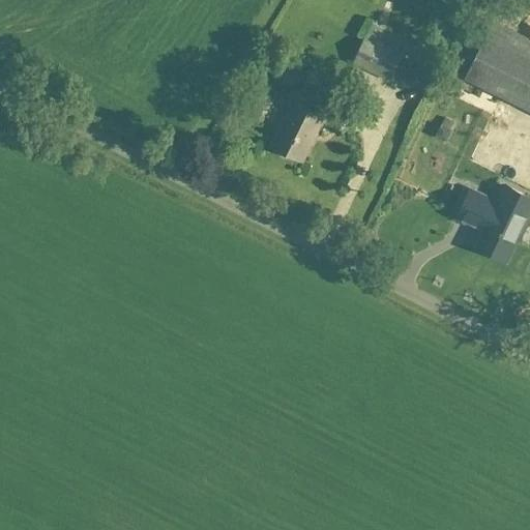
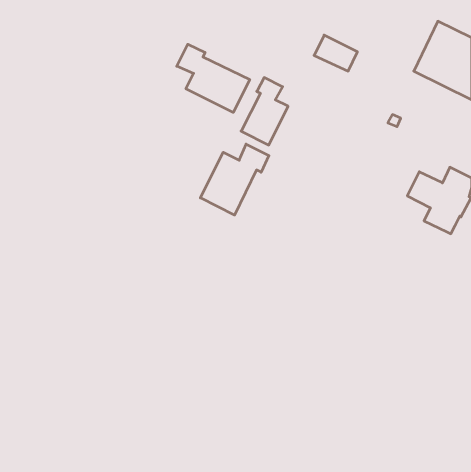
building: none -> [177,44,250,112]
building: none -> [200,144,269,215]

